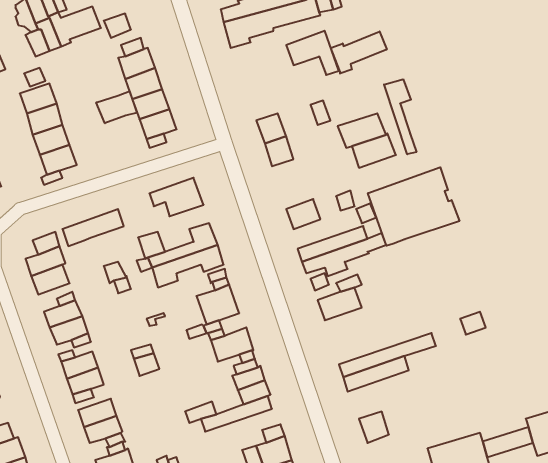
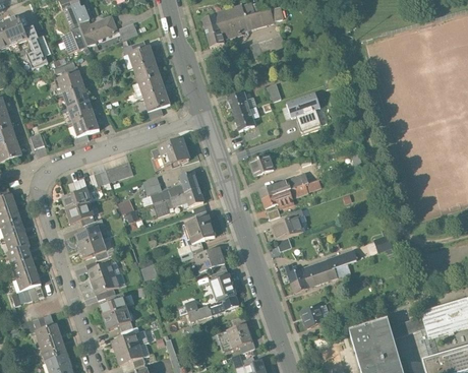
building: [331,31,387,74] -> none
building: [384,79,416,154] -> none
building: [96,91,137,123] -> none
building: [368,167,459,246] -> none

